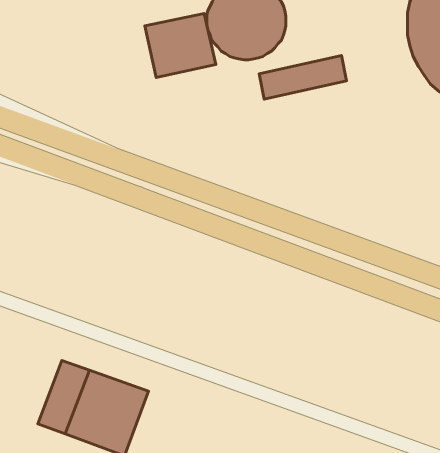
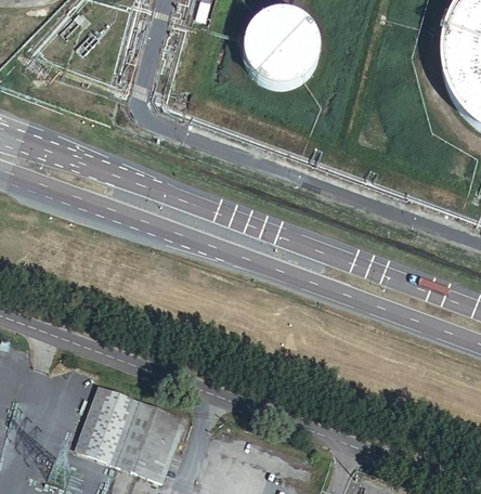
building: [145,14,216,77] -> none
building: [259,56,347,99] -> none

